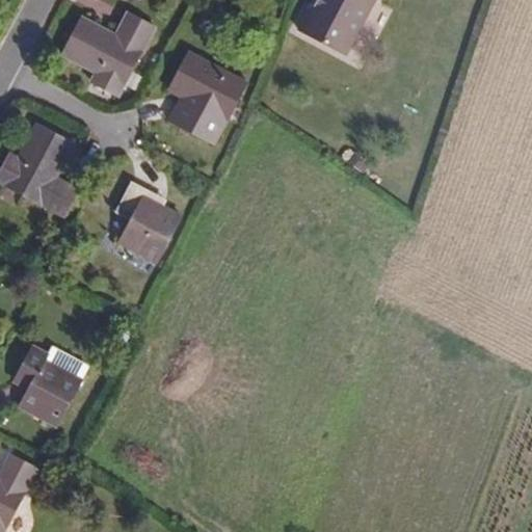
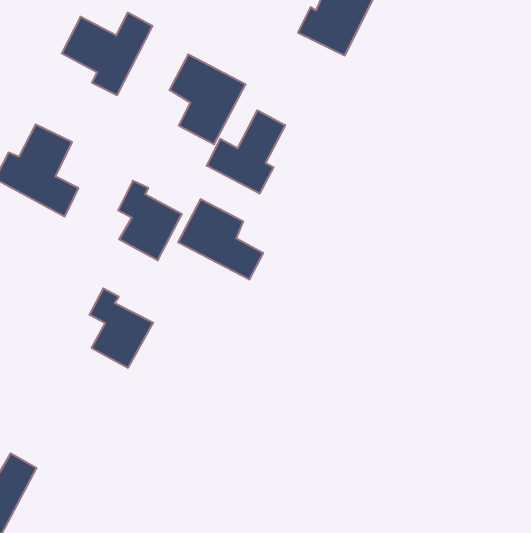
building: none -> [207,110,285,194]
building: none -> [178,199,263,280]
building: [18,345,81,424] -> [89,288,153,368]

